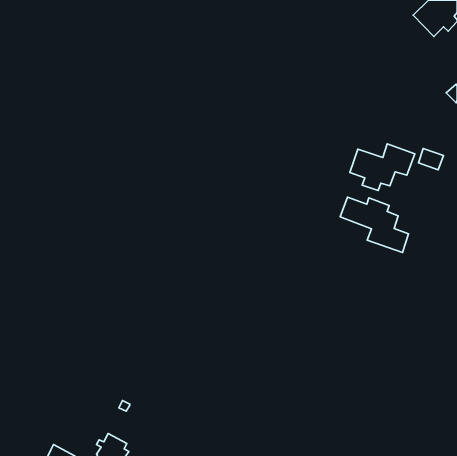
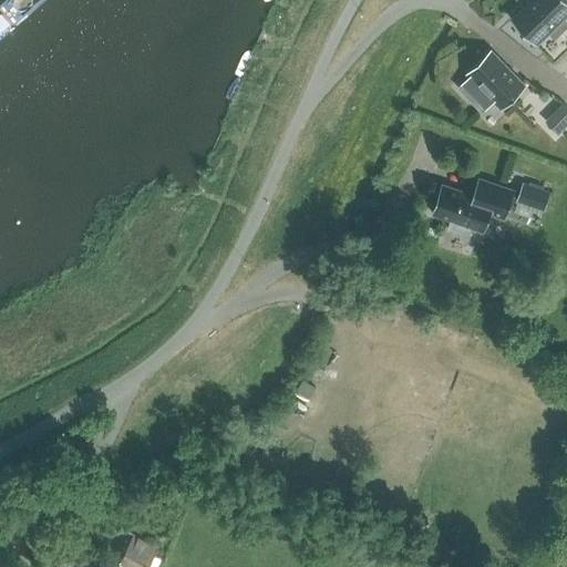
building: none -> [460,52,525,112]
building: [340,197,409,253] -> none

